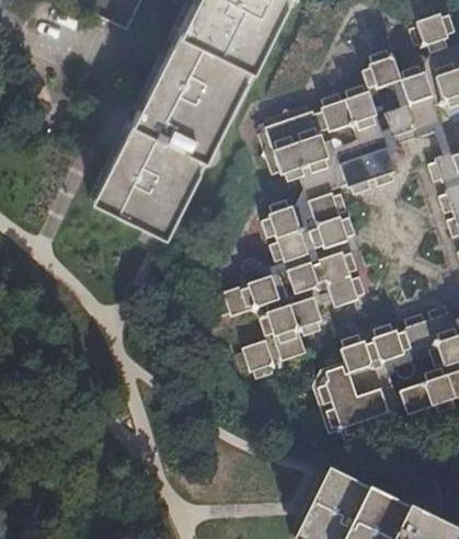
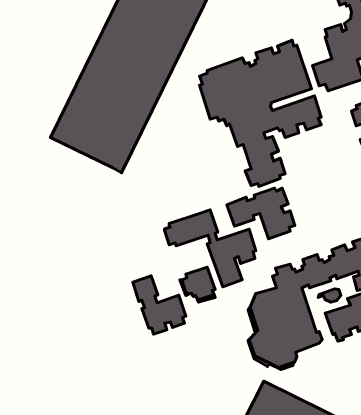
building: [363,49,401,89] -> none
building: [265,199,310,262] -> none
building: none -> [133,276,186,334]

